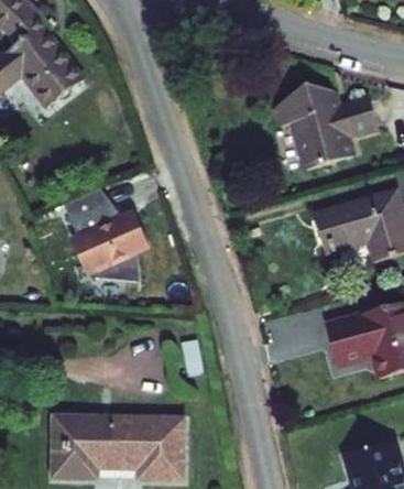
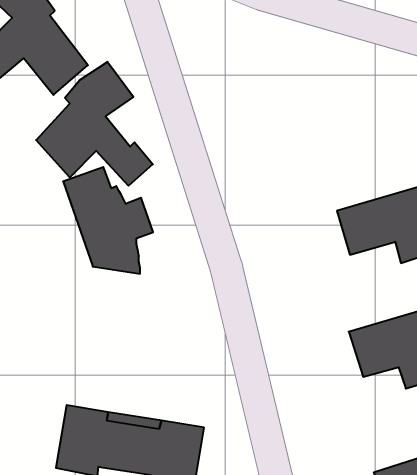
building: none -> [36,62,153,186]
building: [274,93,378,176] -> none

